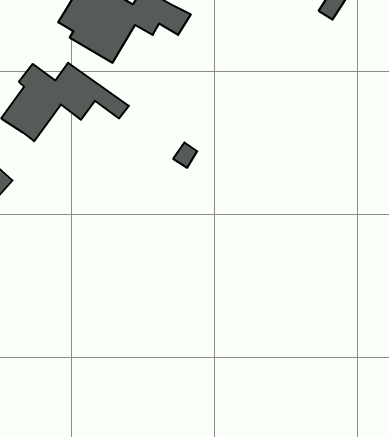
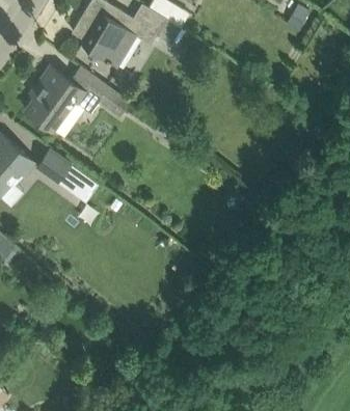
building: none -> [37,150,84,193]

